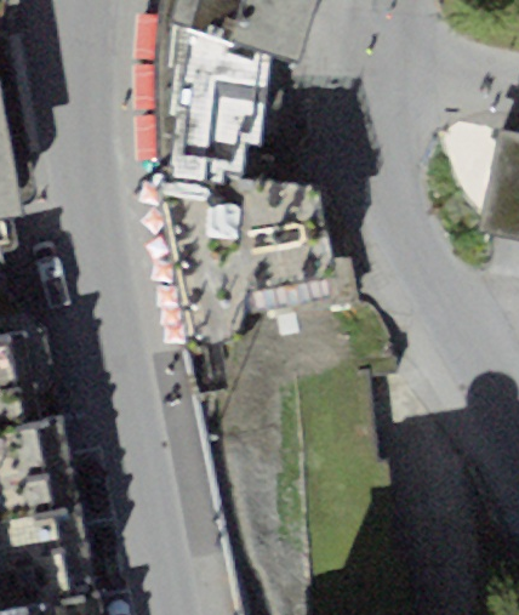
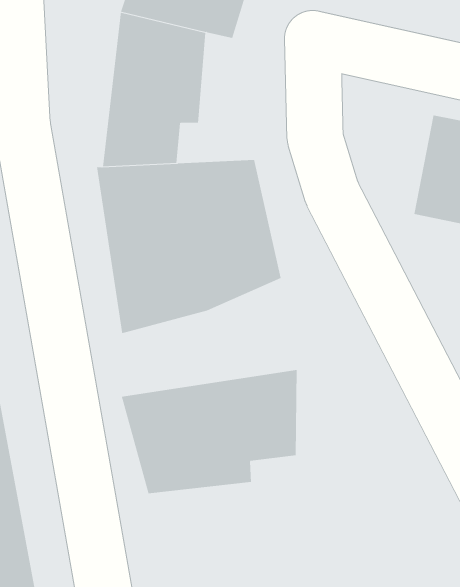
building: none -> [121,369,297,494]

